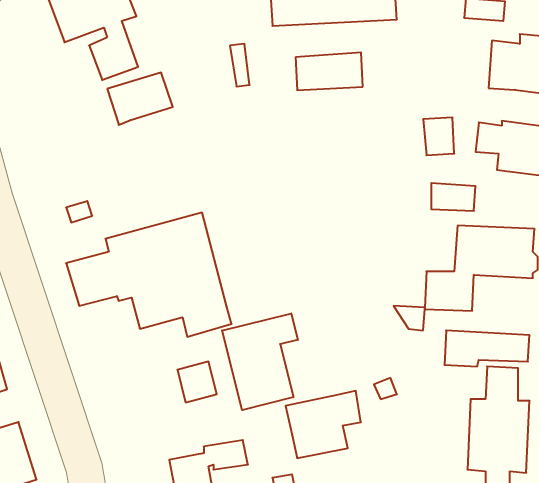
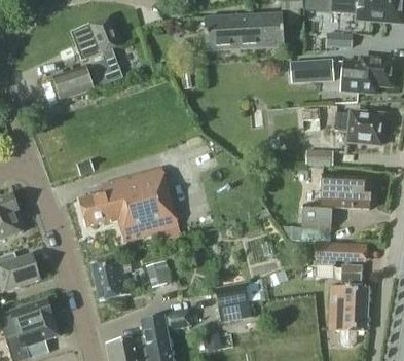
building: [296,52,363,90] -> [290,58,332,81]
building: [107,73,173,125] -> [52,65,94,98]
building: [222,313,298,410] -> none
building: none -> [90,255,128,299]

